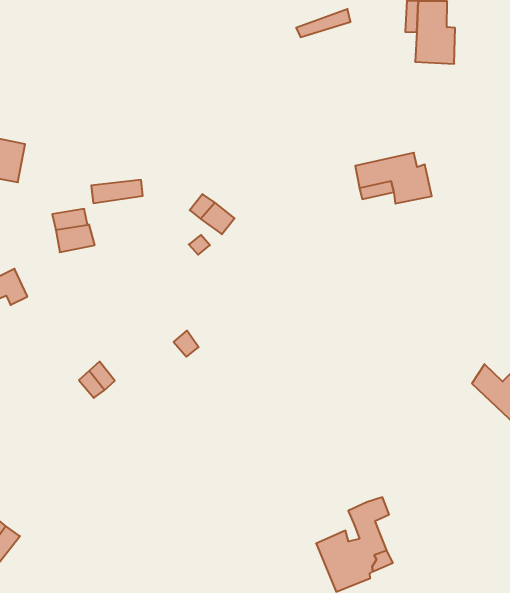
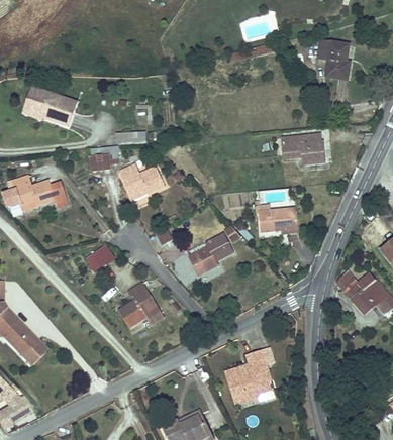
building: none -> [119,163,162,191]
building: none -> [260,207,299,231]
building: none -> [189,232,232,269]
building: none -> [119,280,160,324]

